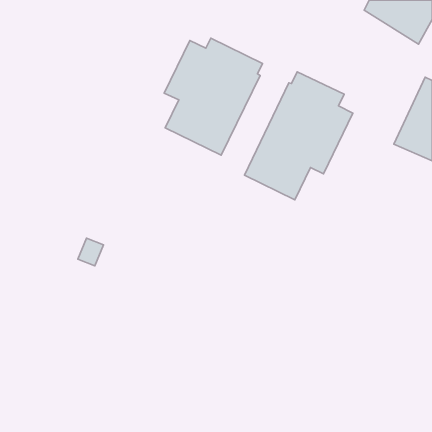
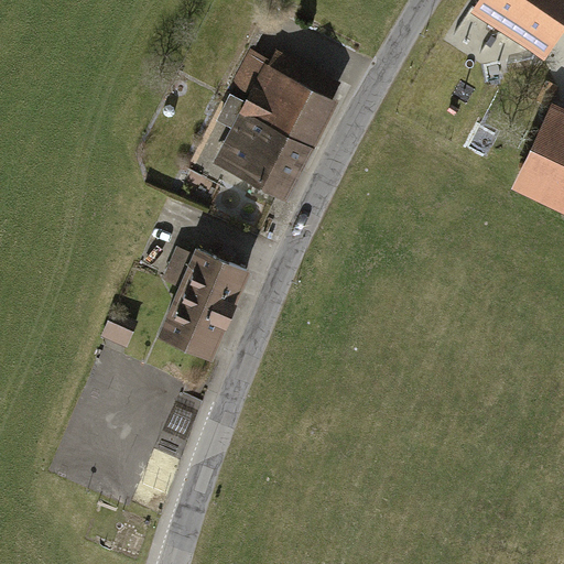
building: [244,72,353,200] -> none
building: none -> [155,243,250,359]

